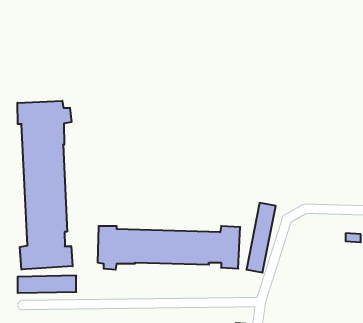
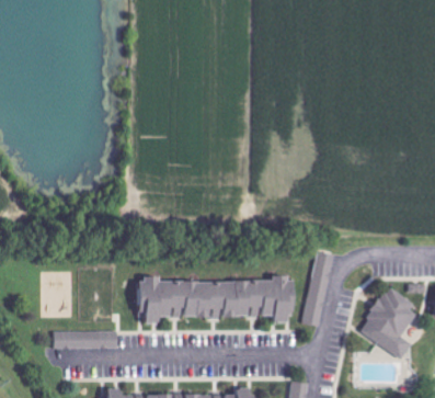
building: [17,101,73,270] -> none
building: none -> [357,286,414,359]

